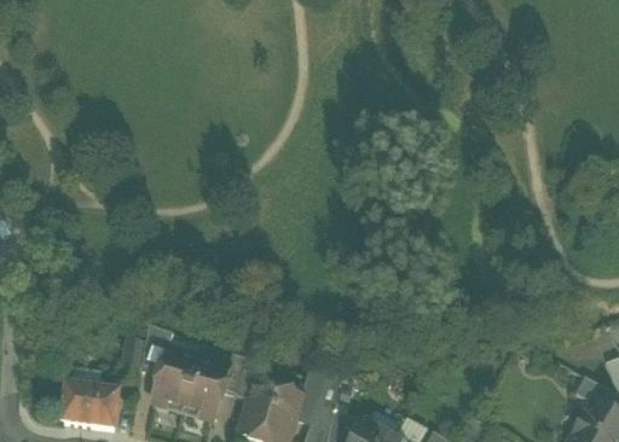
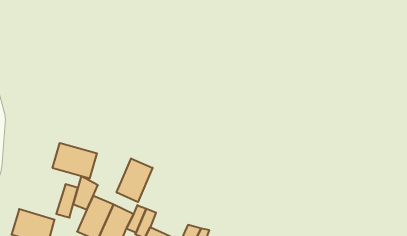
building: none -> [53,143,97,178]
building: none -> [117,158,153,202]

